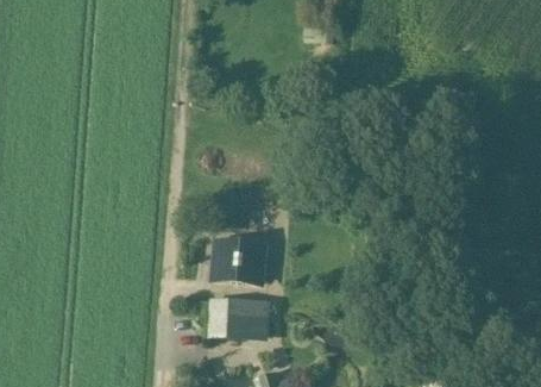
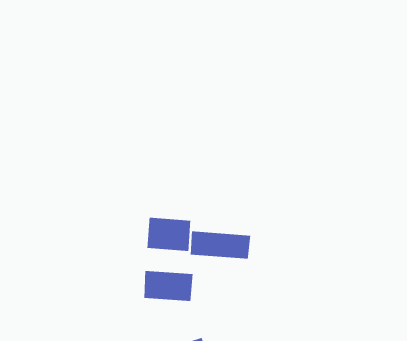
building: none -> [190,231,251,259]

